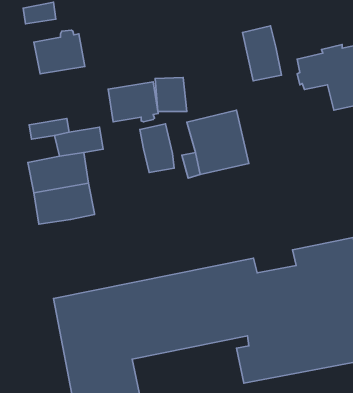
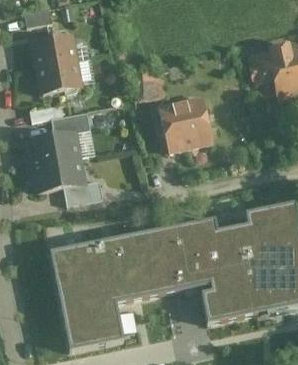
building: [242,26,281,81] -> none
building: [108,82,158,122] -> [38,62,79,95]
building: [140,124,174,172] -> none
building: none -> [63,180,102,206]

